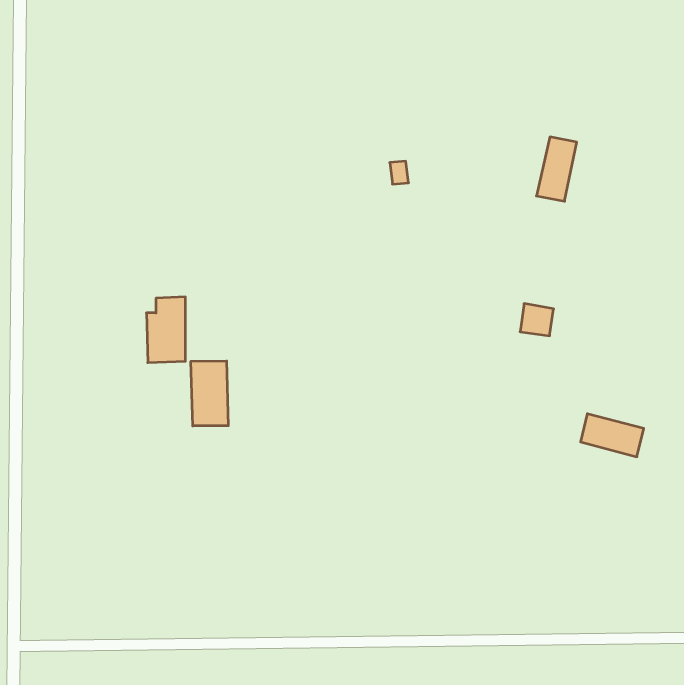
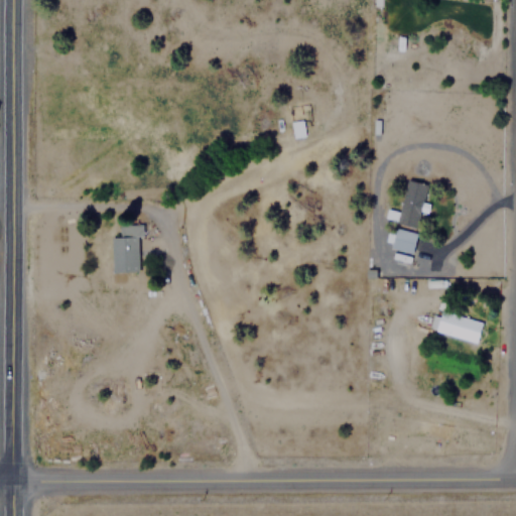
building: [536,137,577,201] -> [397,180,427,229]
building: [191,361,228,426] -> none

